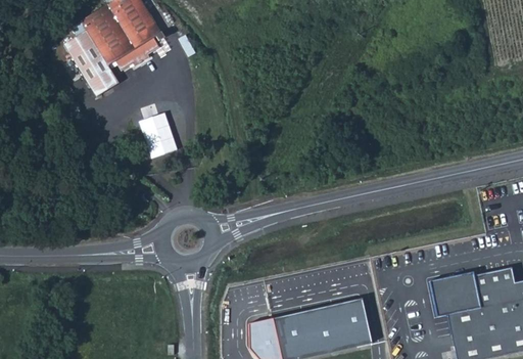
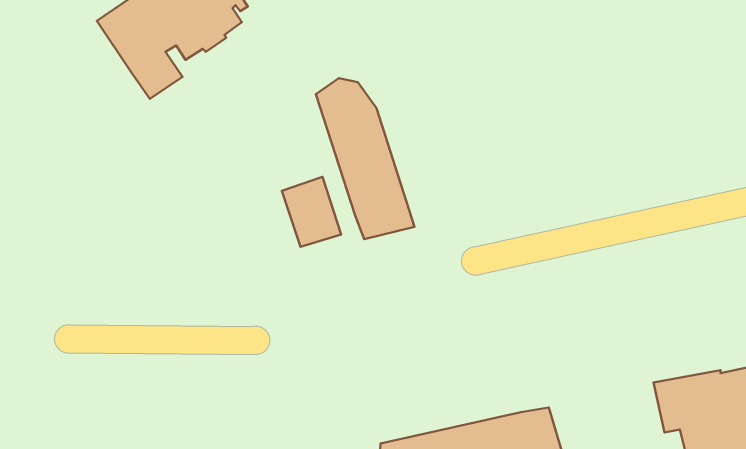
building: none -> [316,78,414,239]
building: [139,111,178,158] -> [282,177,341,247]

